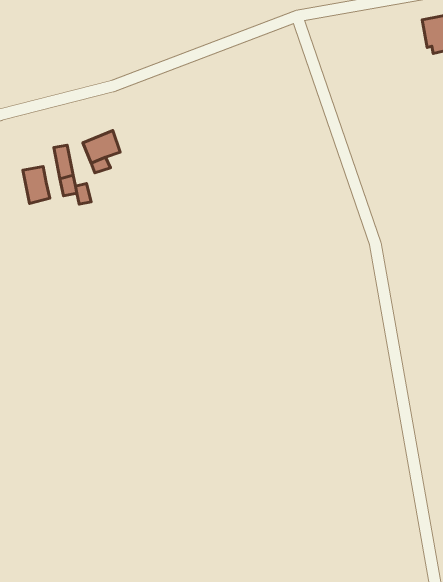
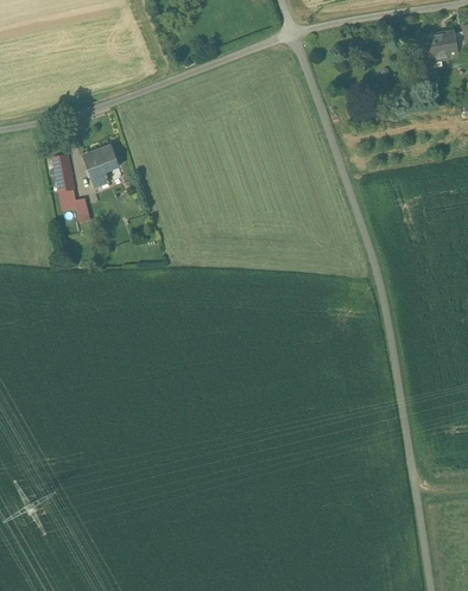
building: [23,166,50,204] -> none

